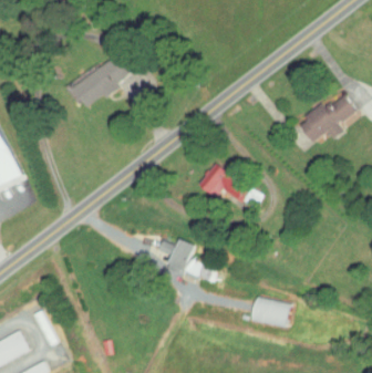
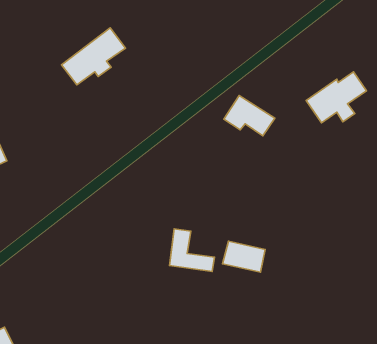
building: [199,163,247,200] -> [224,95,275,136]
building: [250,298,290,327] -> [223,241,265,272]

